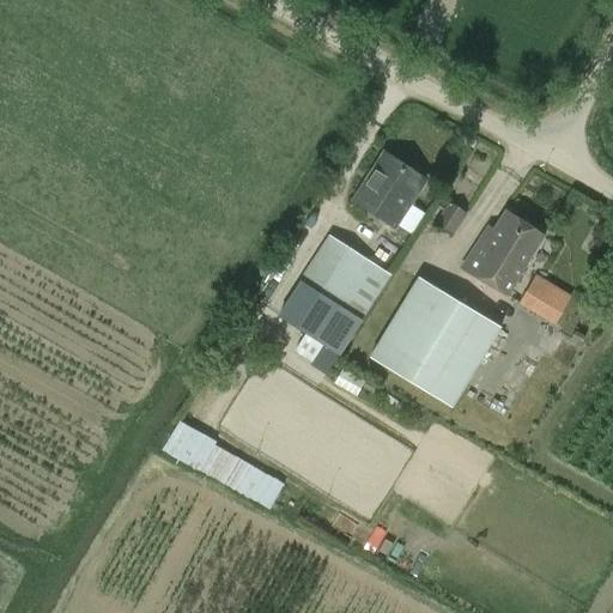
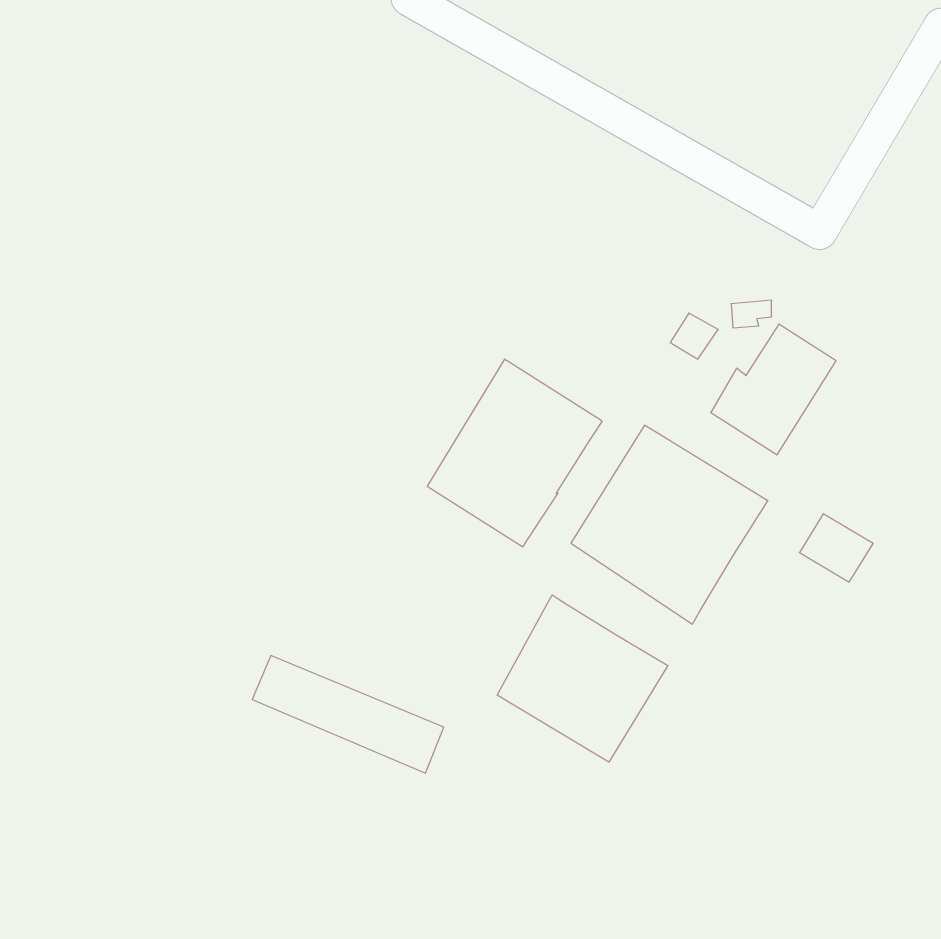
building: [352,153,426,227] -> none
building: [520,278,568,322] -> [799,514,873,582]
building: none -> [497,595,668,762]

